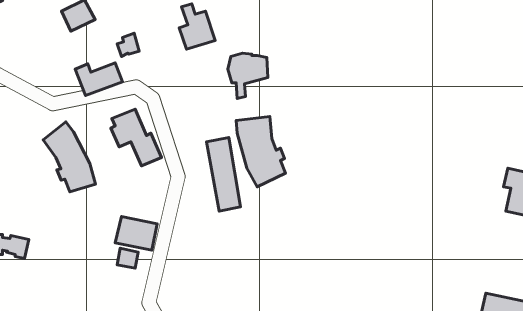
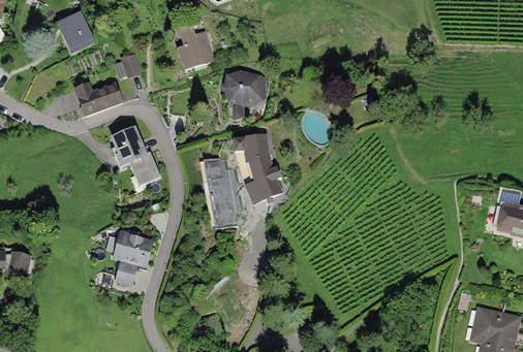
building: [43,122,96,192] -> none

